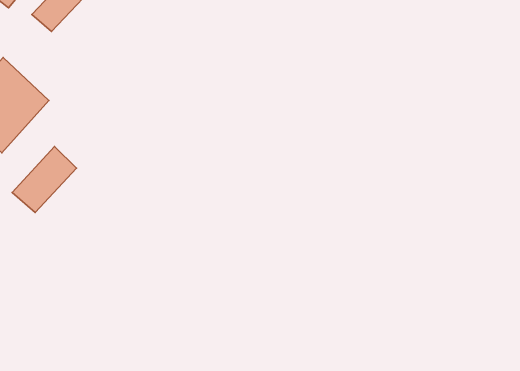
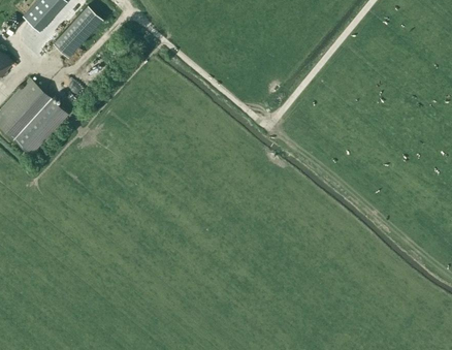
building: [12,146,76,213] -> none

